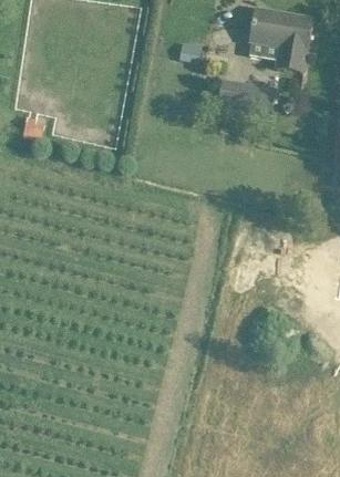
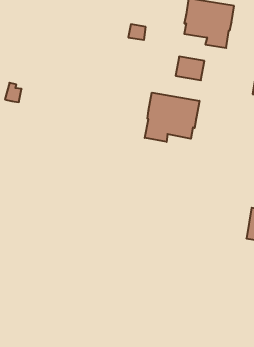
building: none -> [145,93,199,142]

